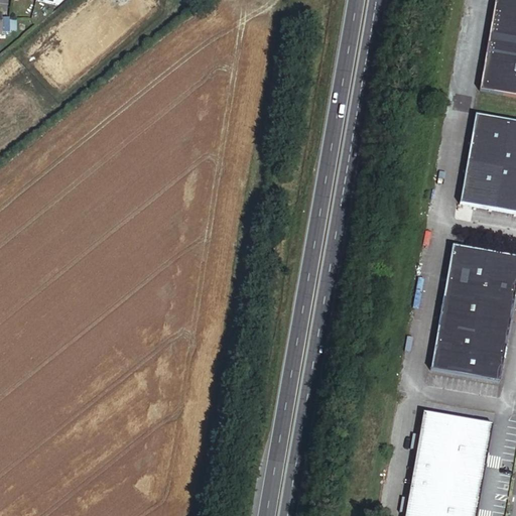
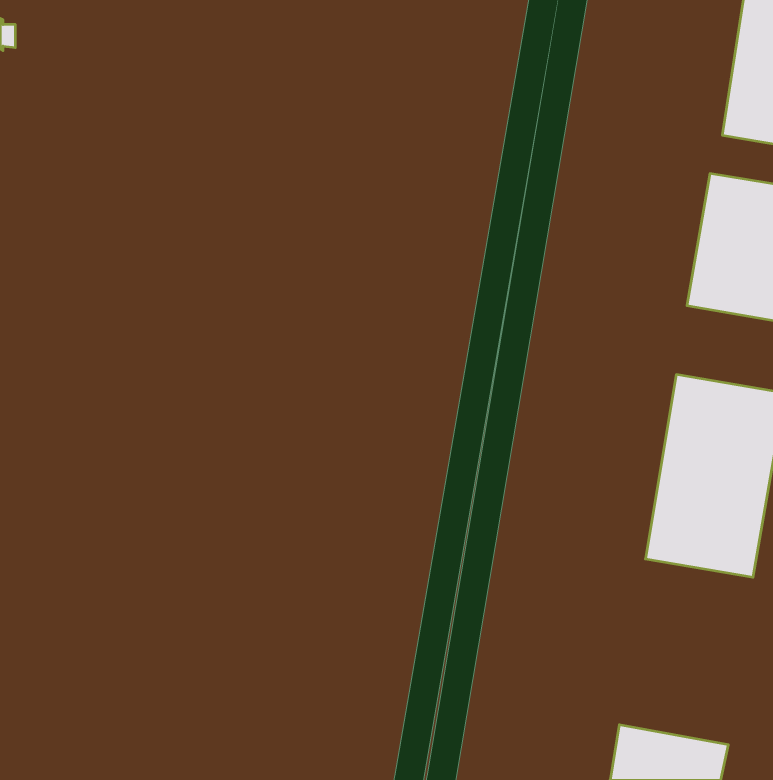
building: [414,412,497,489] -> none

